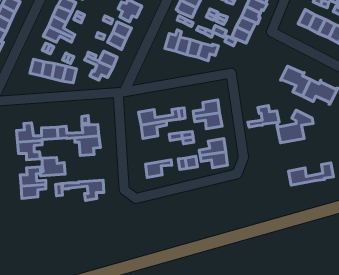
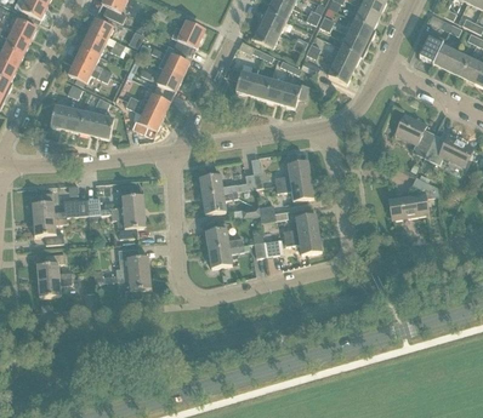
building: [248,106,279,127] -> none
building: none -> [205,222,244,248]
building: [40,157,65,176] -> [117,247,150,273]
building: [289,163,333,185] -> none

